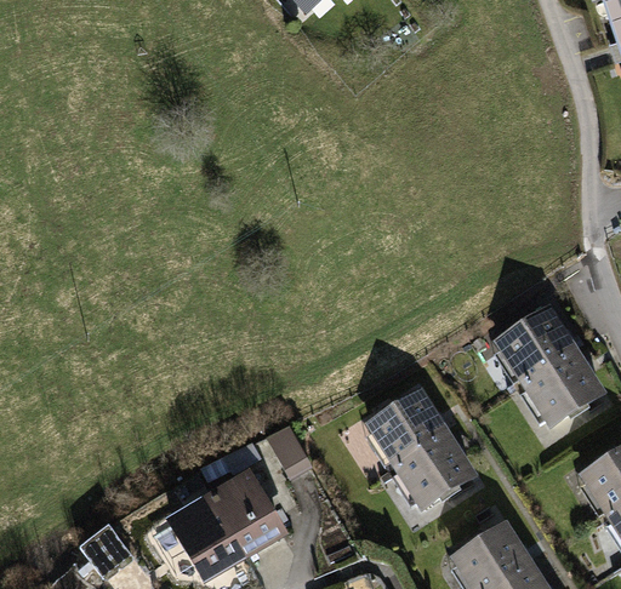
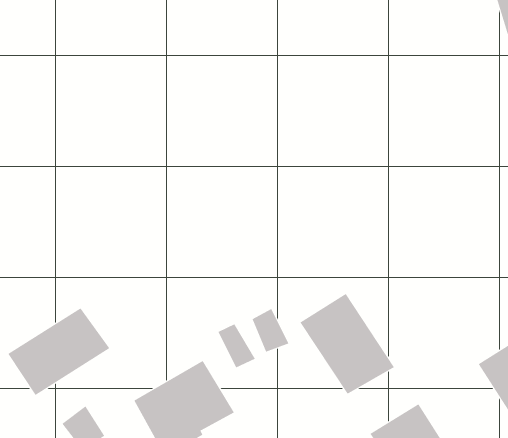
building: [491,305,606,429] -> none
building: none -> [7,308,110,396]
building: none -> [252,308,289,352]

